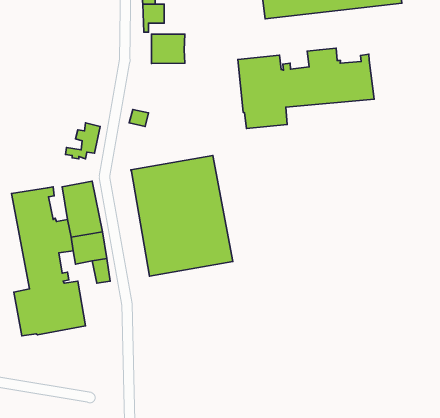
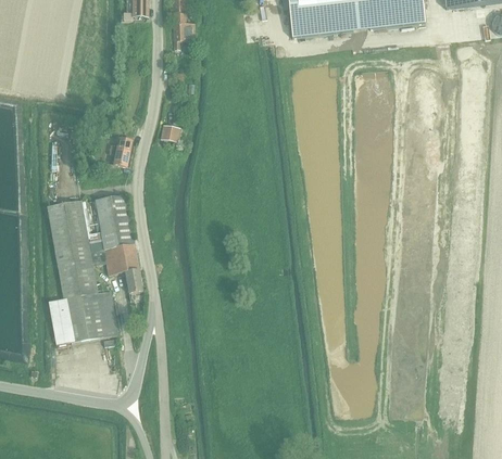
building: [152,34,185,63] -> none
building: [238,48,374,129] -> none
building: [131,155,233,276] -> none

